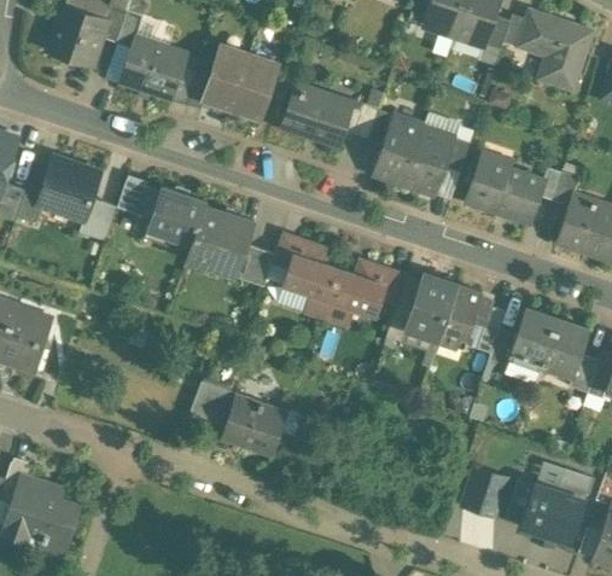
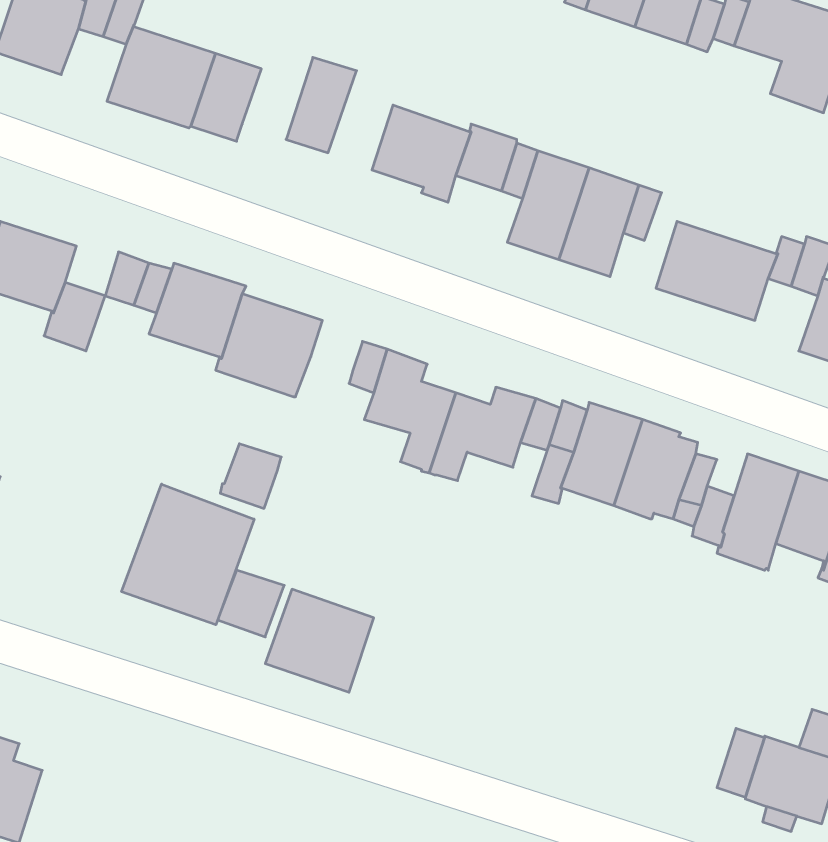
building: [205,46,250,107] -> none
building: [237,245,275,286] -> [220,444,281,508]
building: none -> [122,484,254,625]
building: [464,470,508,516] -> none

